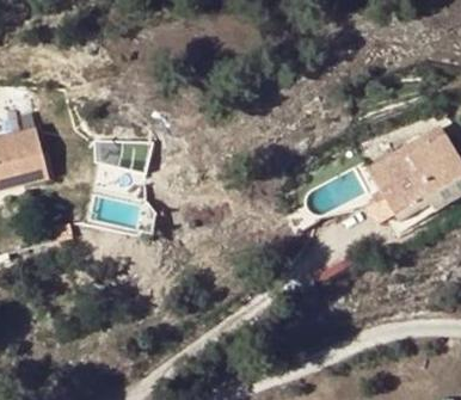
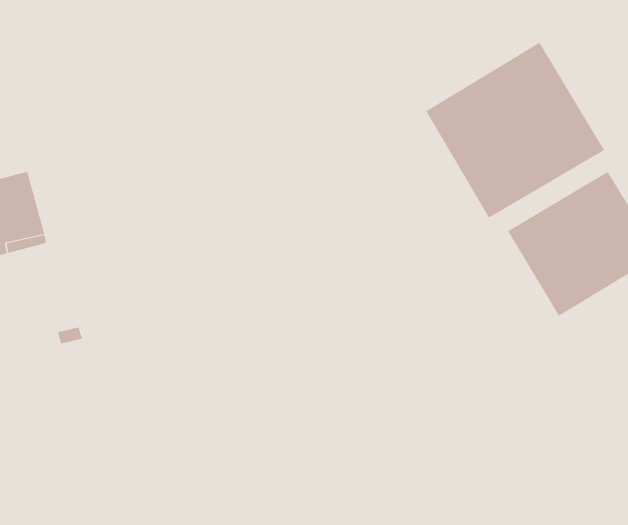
building: none -> [426,42,605,219]

